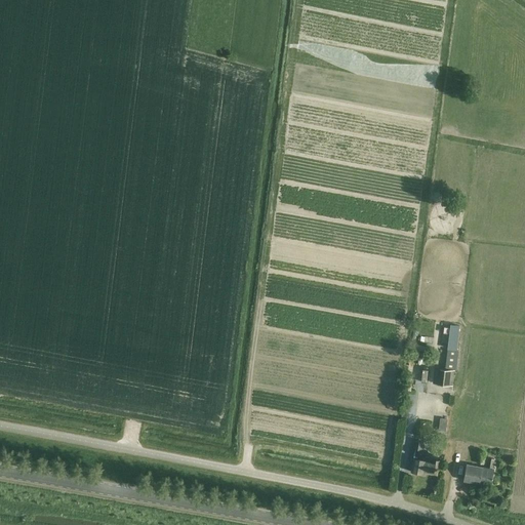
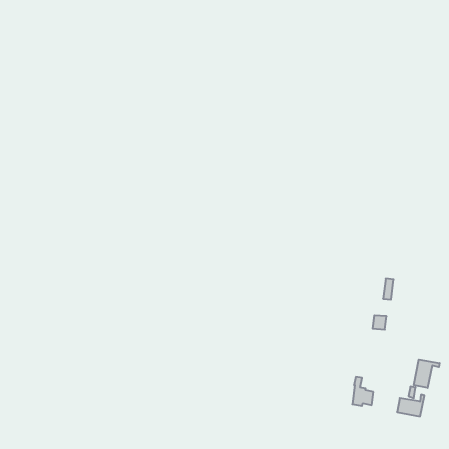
building: none -> [414,360,440,388]

